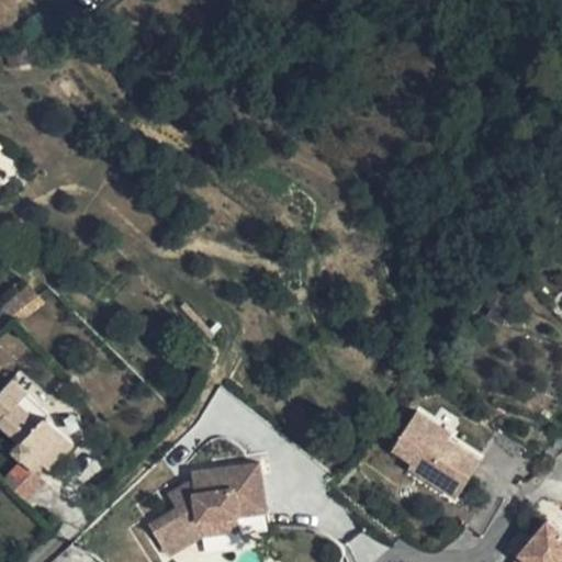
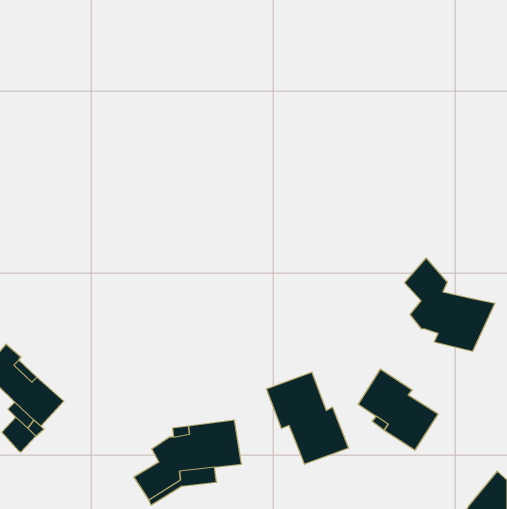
building: none -> [405,258,495,351]
building: none -> [267,372,348,464]

